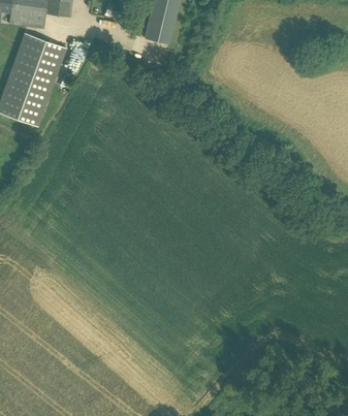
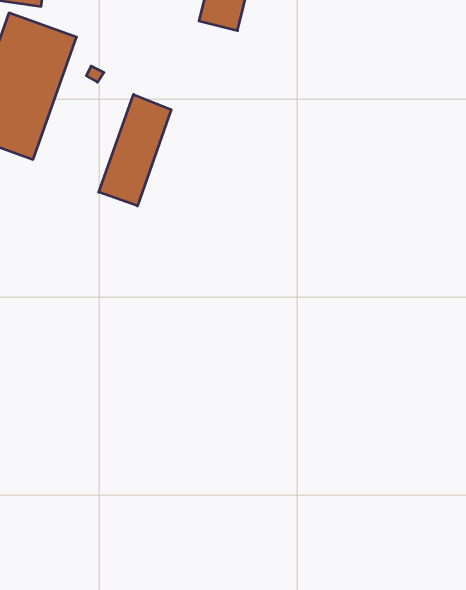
building: none -> [99,94,171,206]

